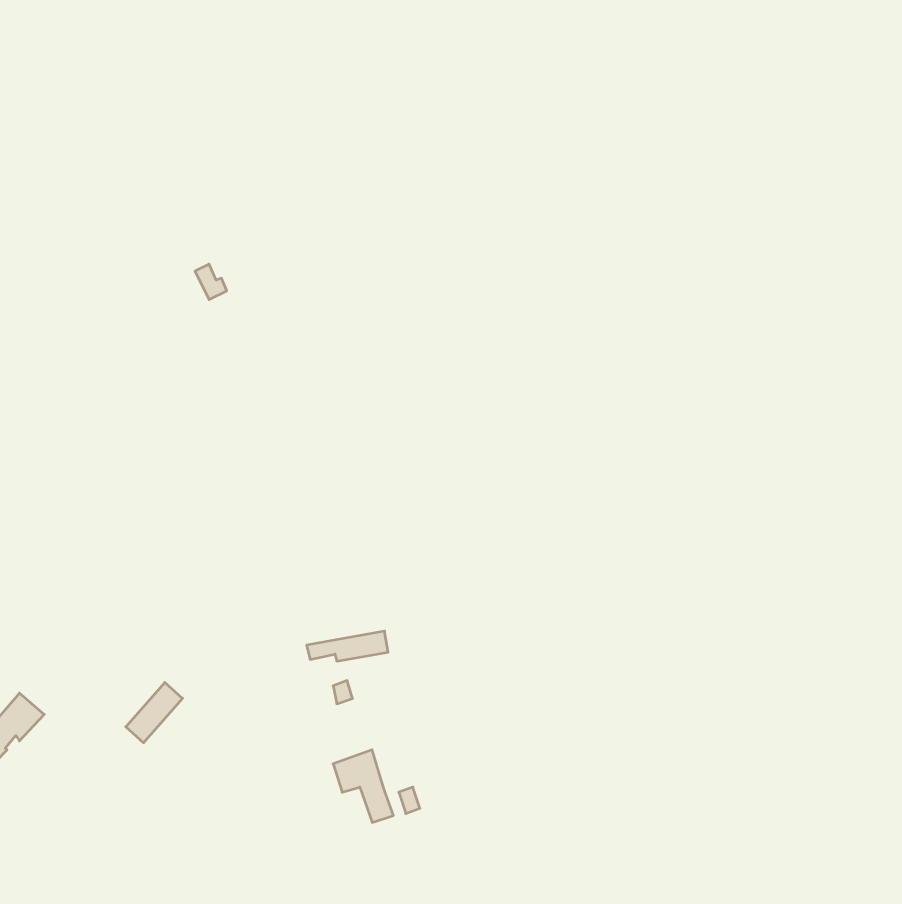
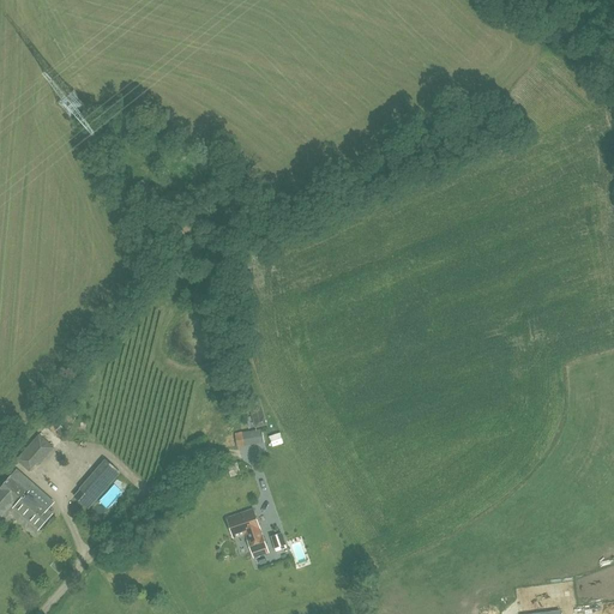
building: none -> [12,433,52,475]
building: none -> [12,483,50,528]

